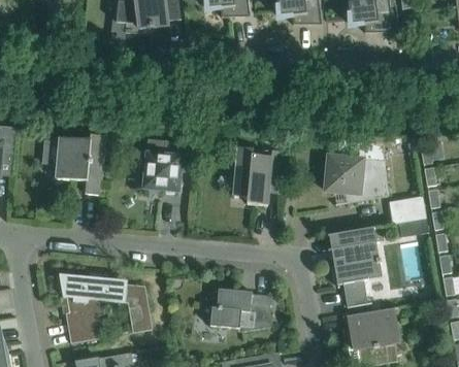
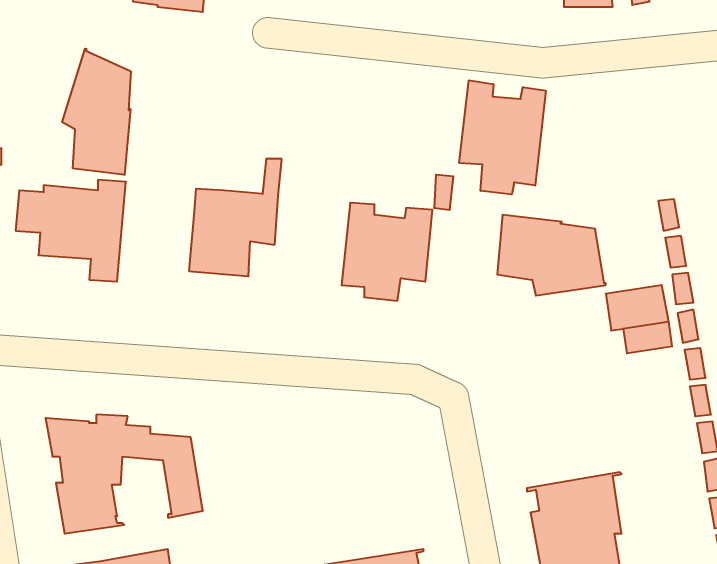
building: none -> [62,49,131,175]
building: none -> [459,80,546,194]
building: [328,228,382,306] -> none
building: [209,289,273,331] -> none

